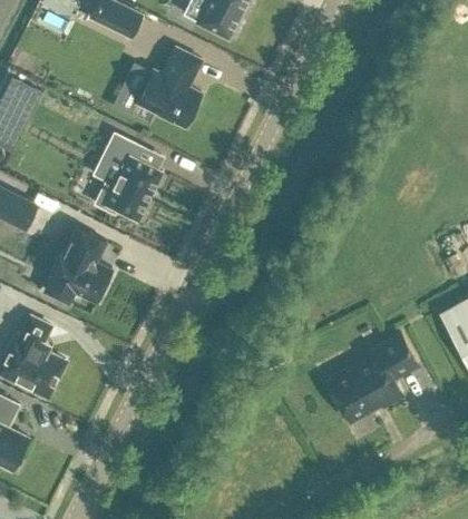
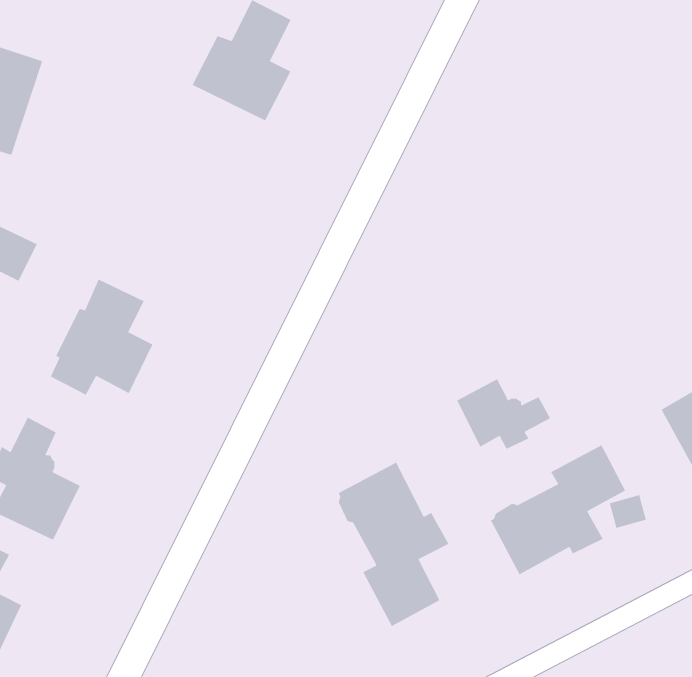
building: [94,133,162,221] -> none
building: none -> [456,378,551,450]
building: none -> [337,461,450,627]

